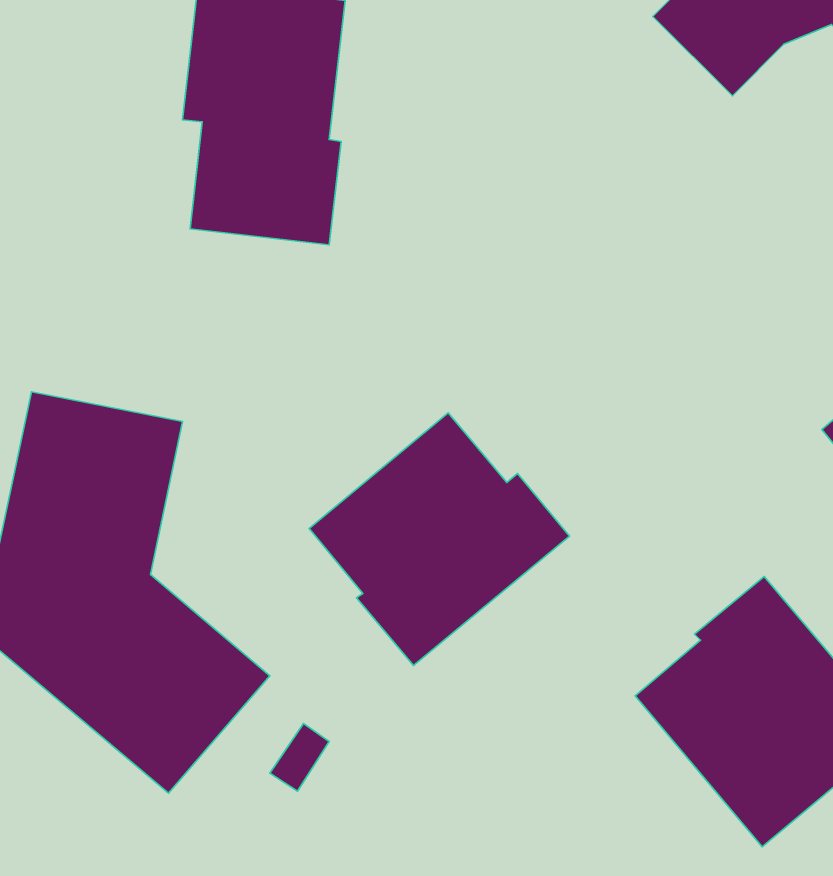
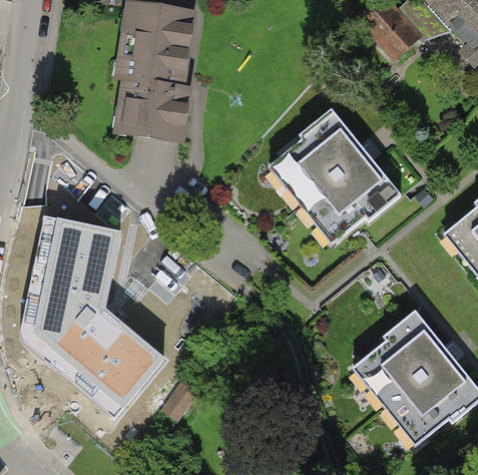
building: none -> [269,108,407,246]
building: [309,413,570,666] -> none

